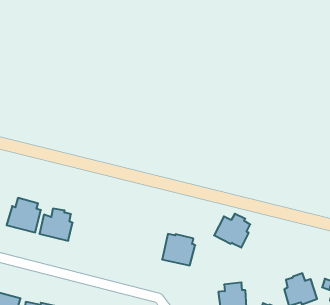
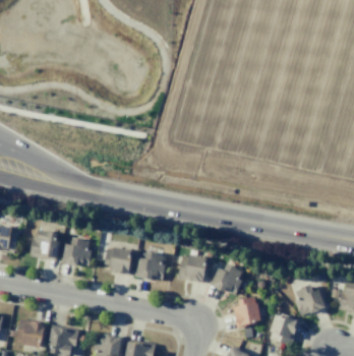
building: [214,214,250,248] -> [209,262,242,294]
building: none -> [103,246,134,276]
building: none -> [134,250,165,280]

